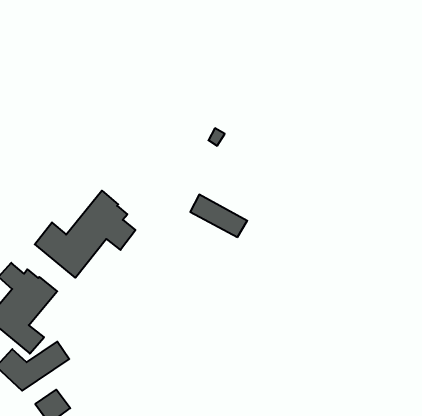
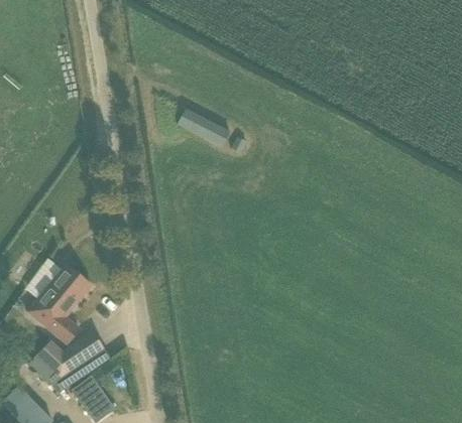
building: [35,191,135,278] -> none
building: [190,195,247,237] -> [178,108,230,147]

